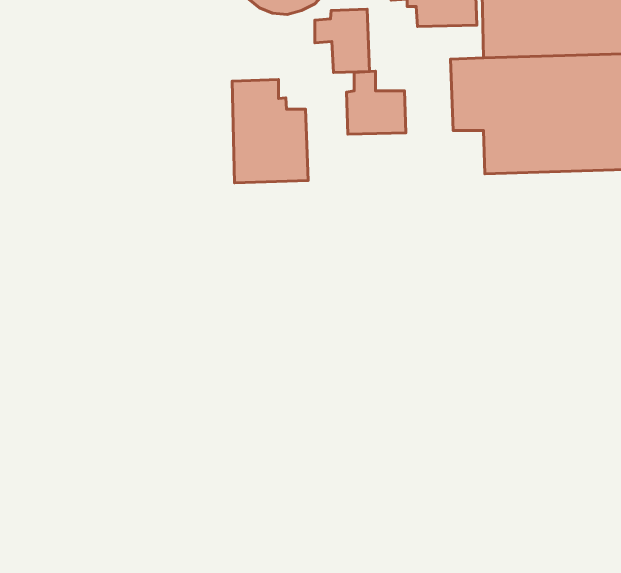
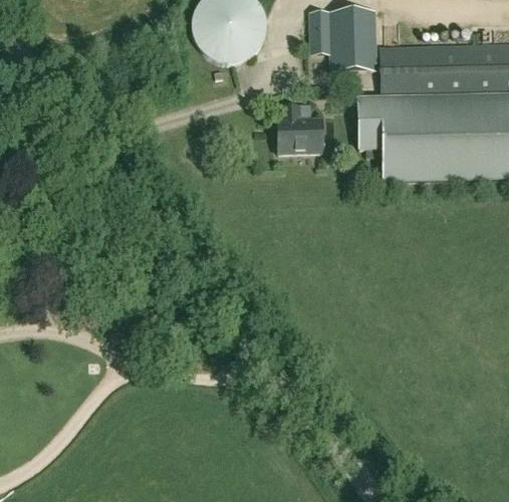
building: [315,9,369,73] -> none
building: [232,79,308,183] -> none

